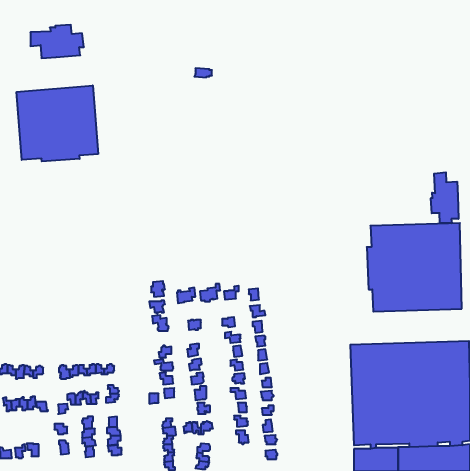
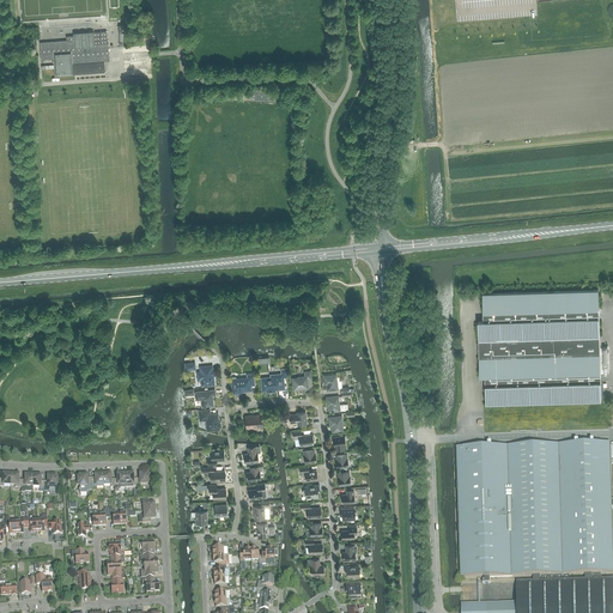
building: [17,85,98,161] -> none
building: [431,172,458,223] -> none

